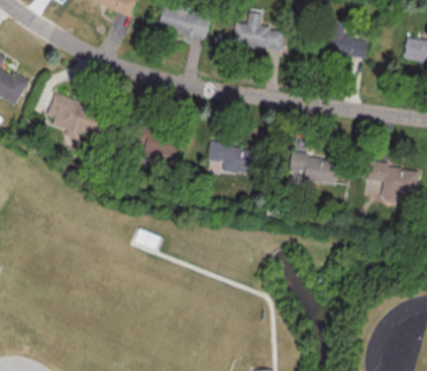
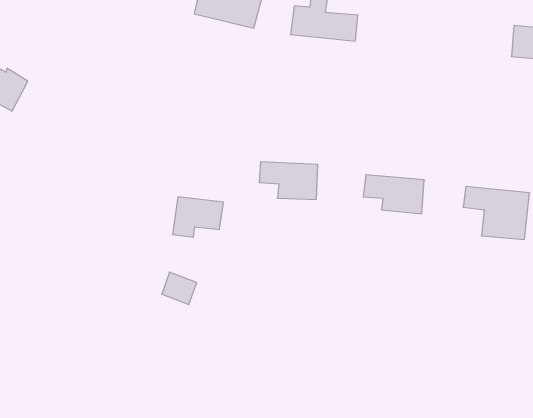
building: [322,23,368,59] -> none
building: [48,94,103,145] -> none
building: [139,131,179,163] -> [173,197,223,237]

